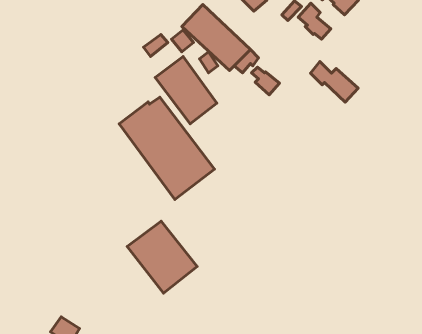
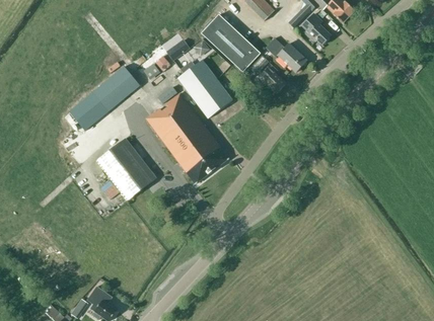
building: [310,61,358,102] -> [266,36,307,72]
building: none -> [69,65,140,130]
building: [127,221,197,293] -> [95,138,156,200]

